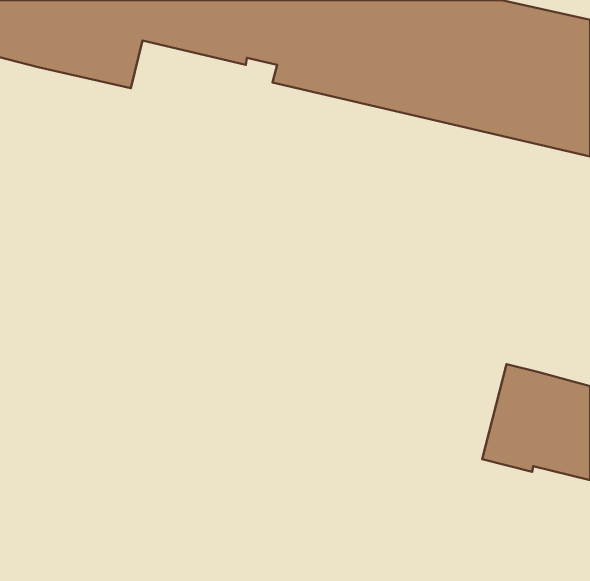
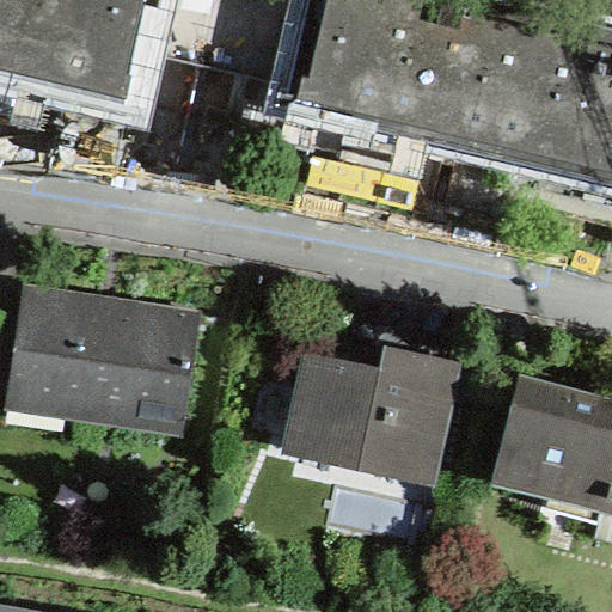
building: none -> [6,298,197,437]
building: none -> [292,362,448,478]

